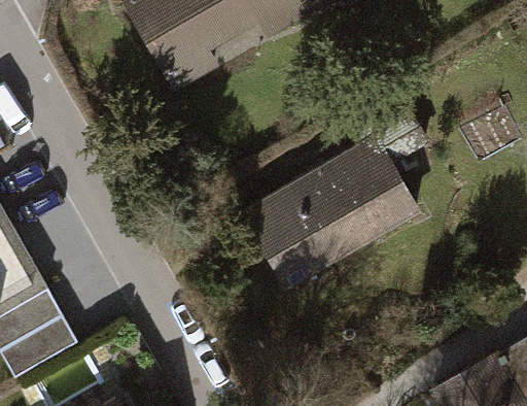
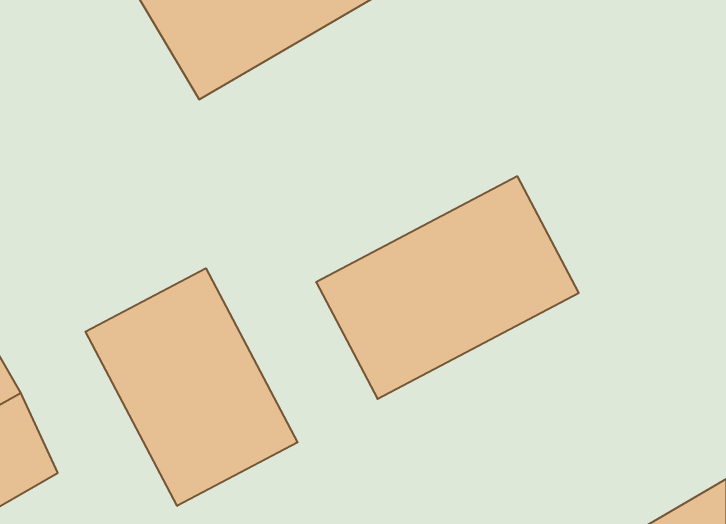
building: none -> [85,268,298,506]

